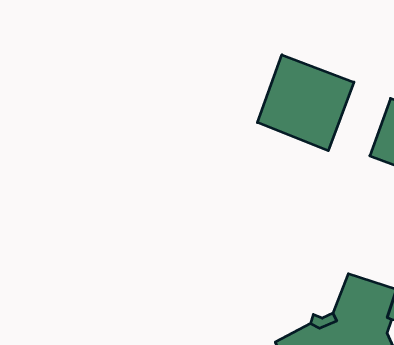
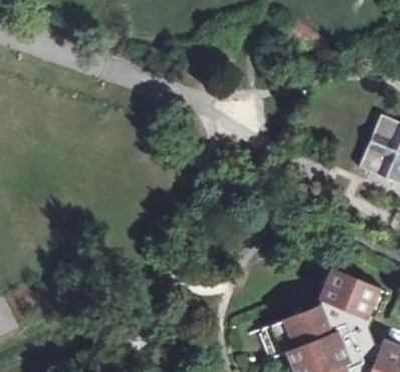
building: [257,55,354,151] -> none

